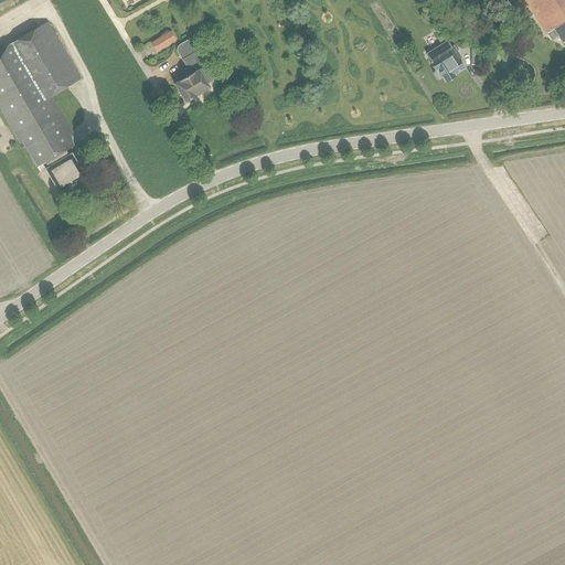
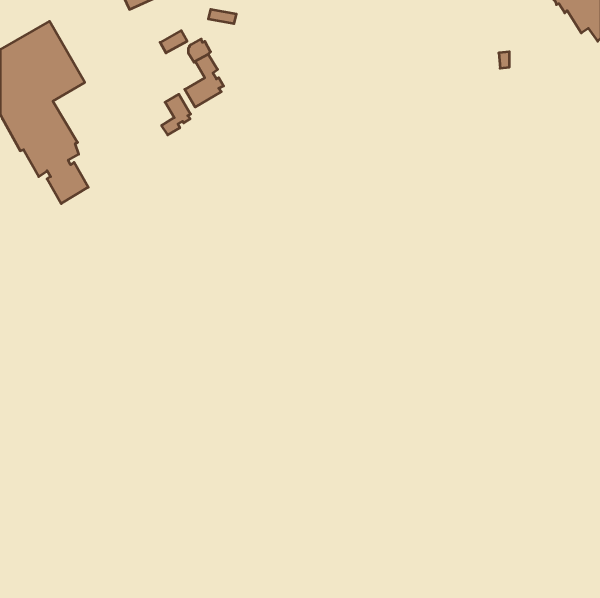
building: [426,40,463,81] -> none
building: none -> [162,94,191,135]

